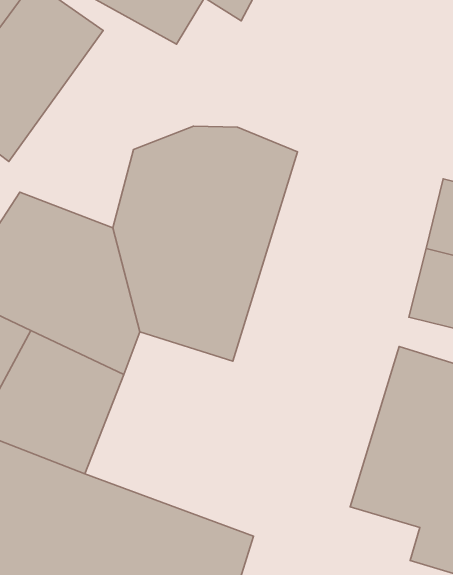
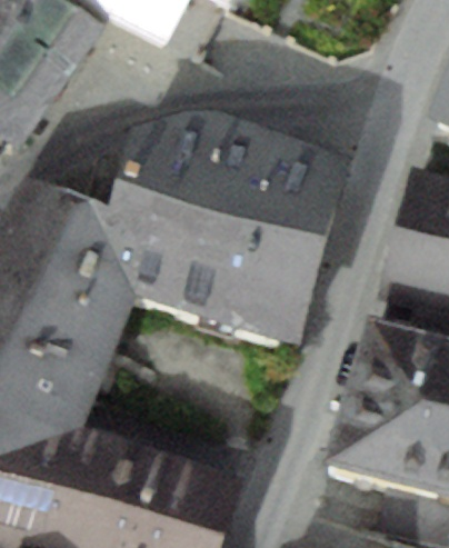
building: none -> [219,148,351,361]

